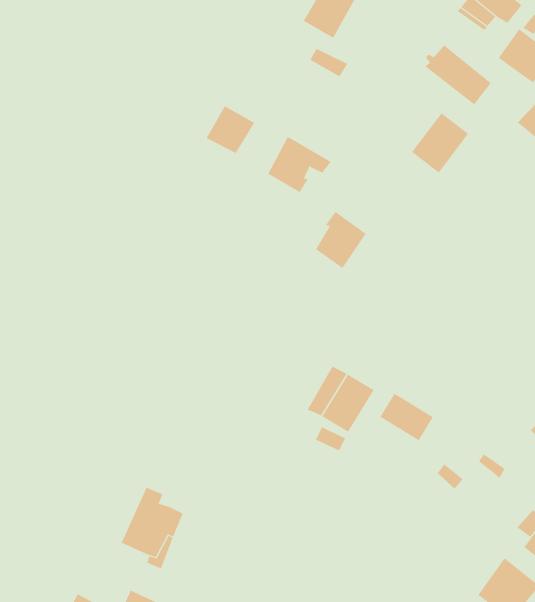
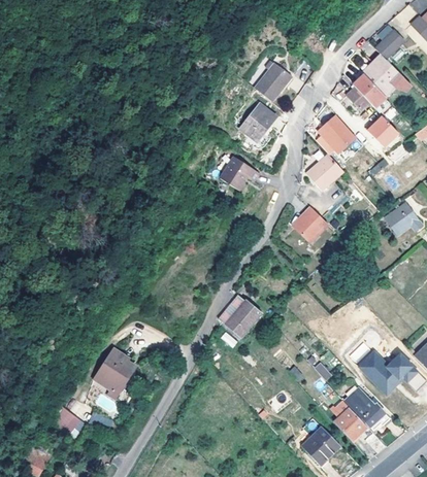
building: [206,105,255,154] -> [239,110,270,140]
building: [315,211,366,269] -> [295,208,327,243]
building: [380,393,434,441] -> none

